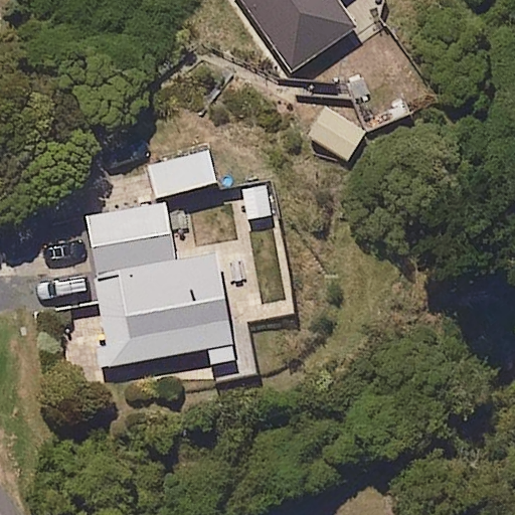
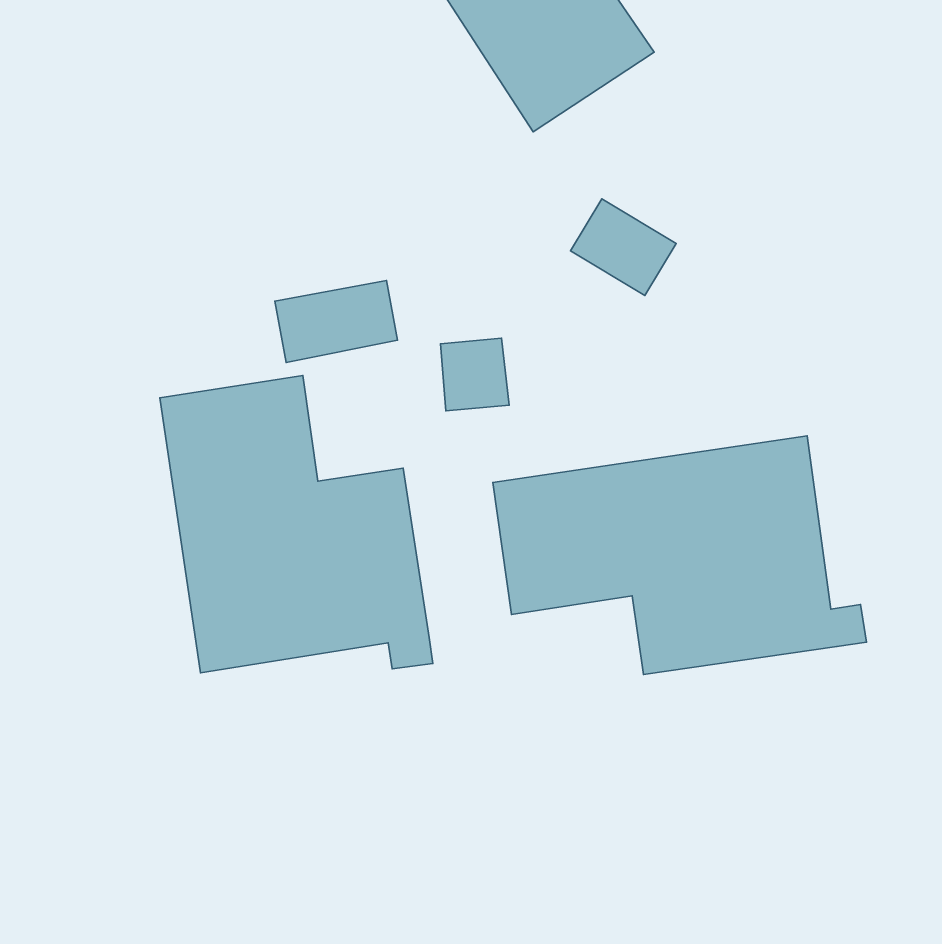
building: none -> [493,436,867,675]

